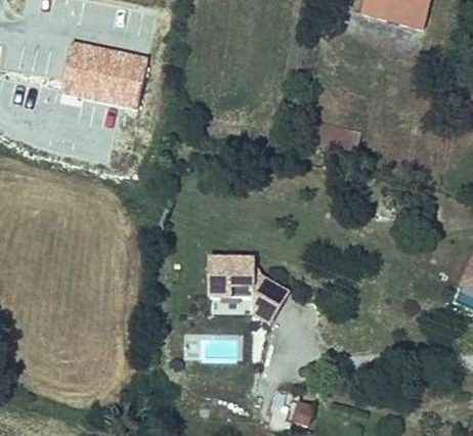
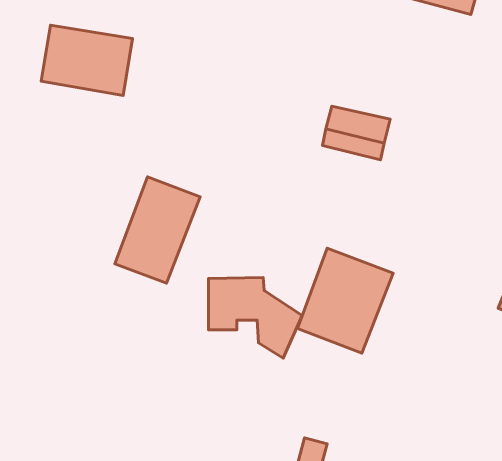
building: none -> [115,177,200,283]
building: none -> [297,248,393,353]

